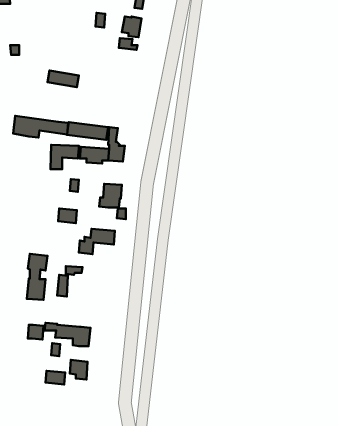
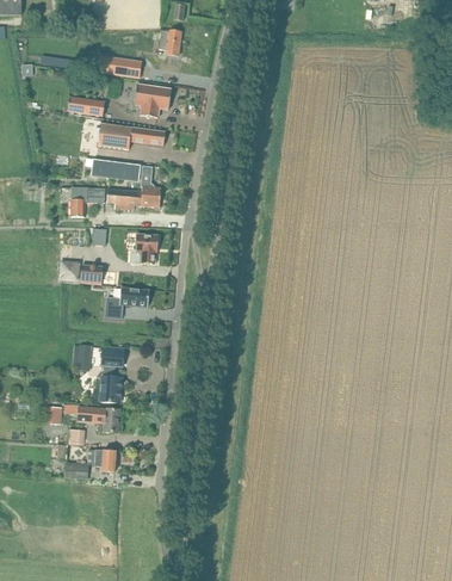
building: none -> [97,55,141,78]
building: none -> [134,84,172,117]
building: [13,116,68,137] -> [98,123,165,149]
building: [27,254,47,300] -> [99,346,124,402]

